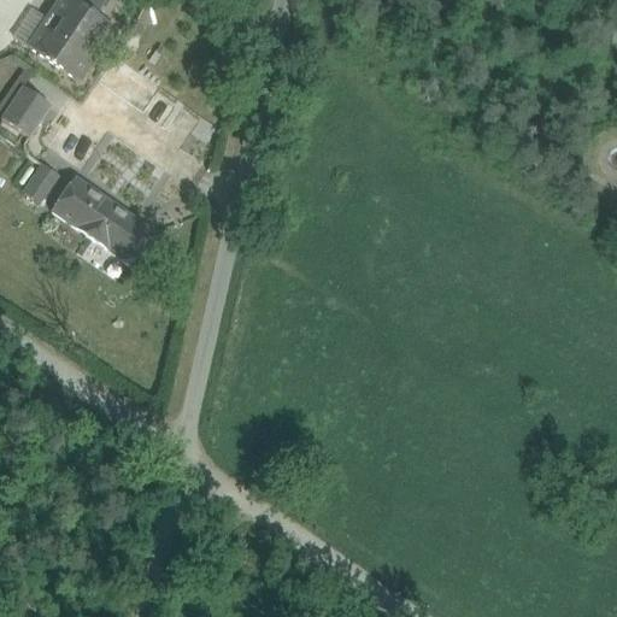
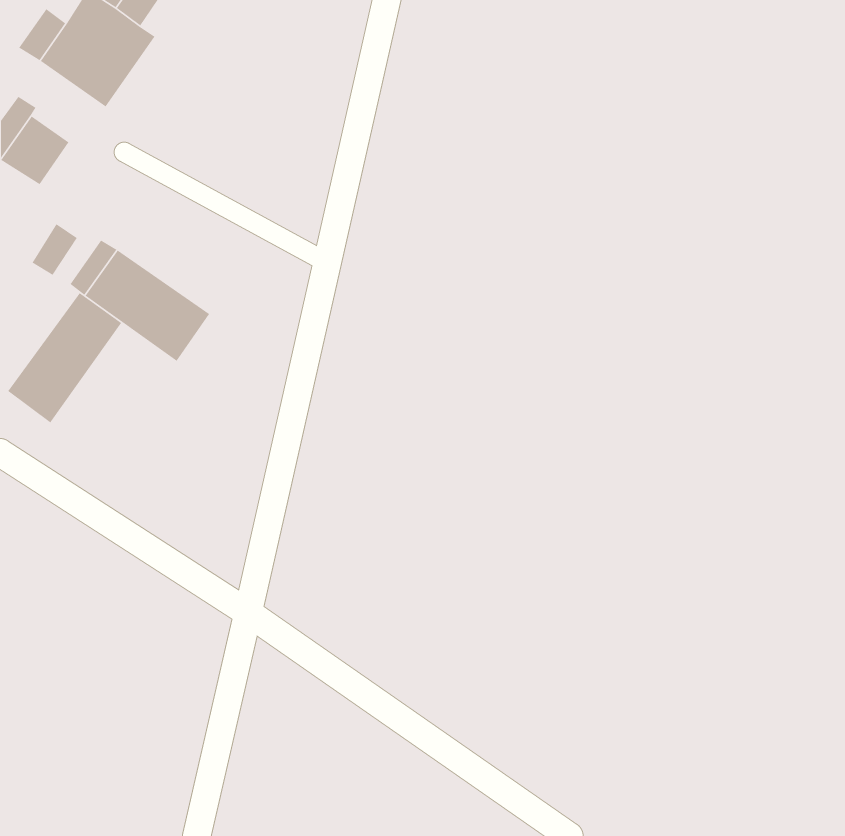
building: none -> [7,292,122,423]

